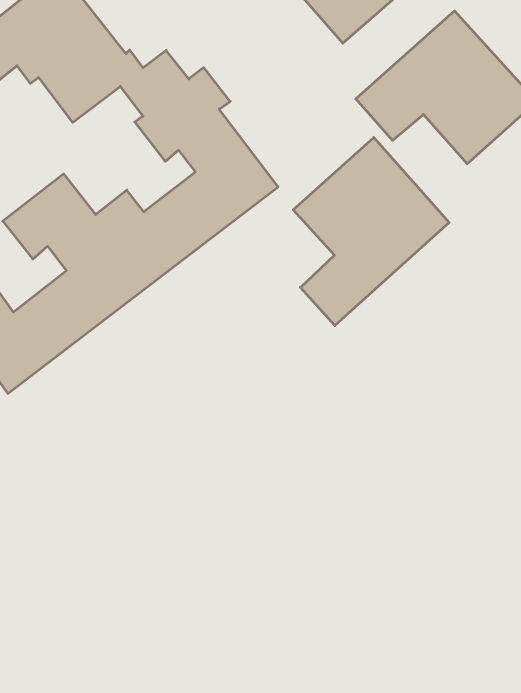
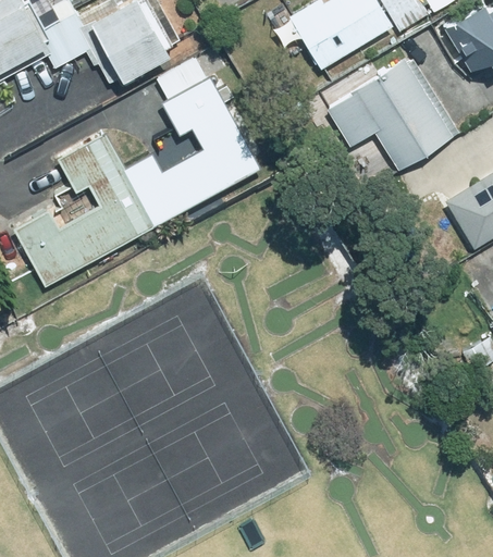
building: [293,137,449,326] -> none

